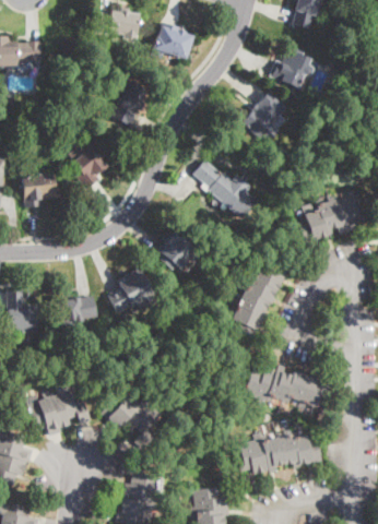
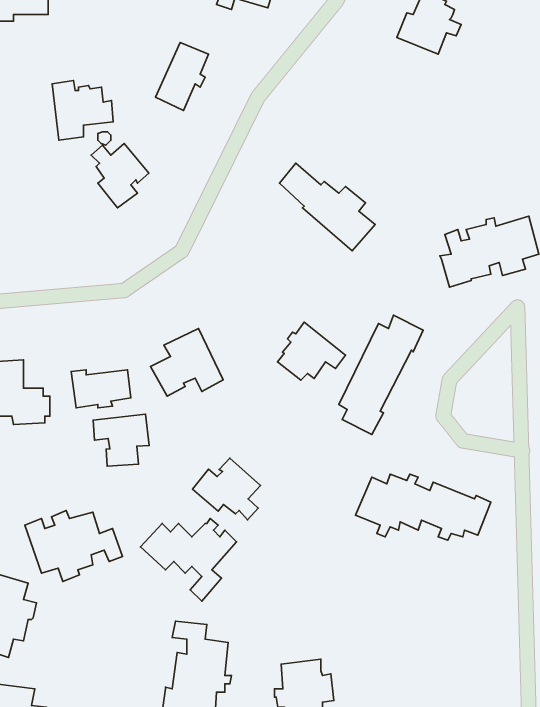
building: [241,93,284,144] -> none
building: [21,170,61,210] -> [52,81,113,140]
building: [156,233,201,271] -> [278,322,345,380]
building: none -> [93,414,149,466]
building: none -> [192,458,261,520]
building: [235,433,322,475] -> none

